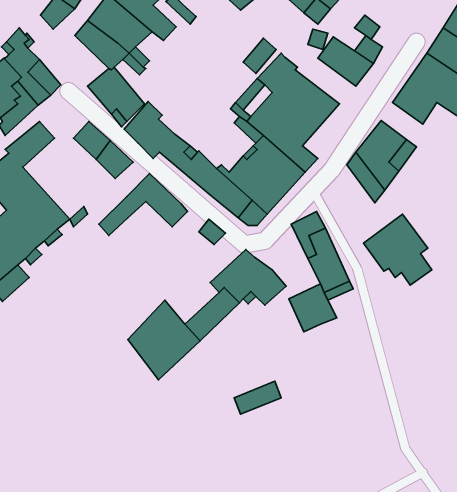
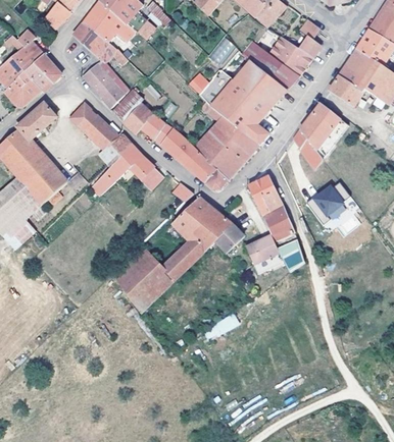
building: none -> [242,40,299,90]
building: none -> [103,133,133,164]
building: none -> [171,198,210,233]

